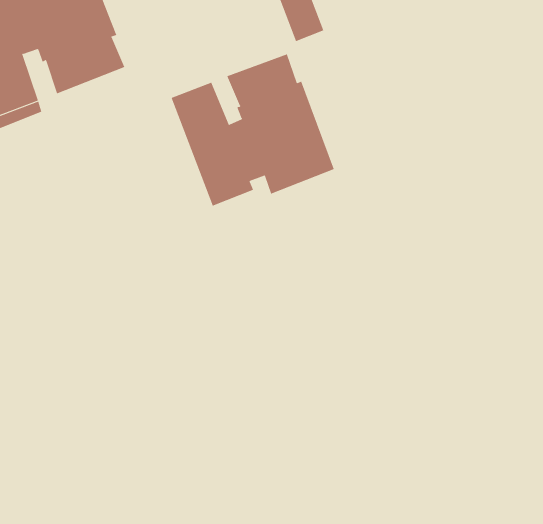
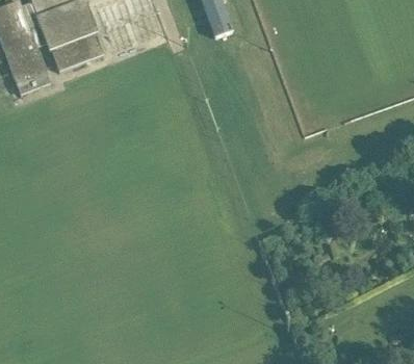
building: [171,53,335,207] -> none

